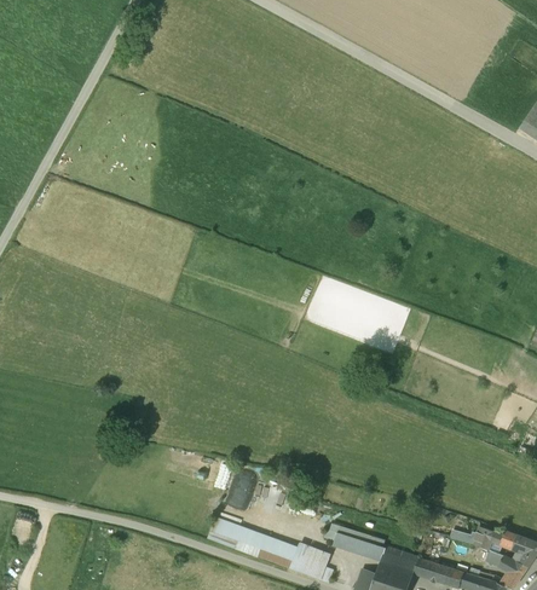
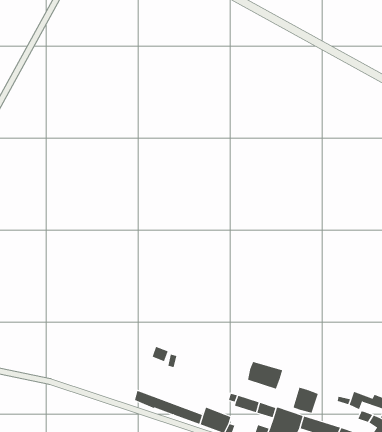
building: none -> [248,361,283,389]
building: none -> [293,387,319,413]

